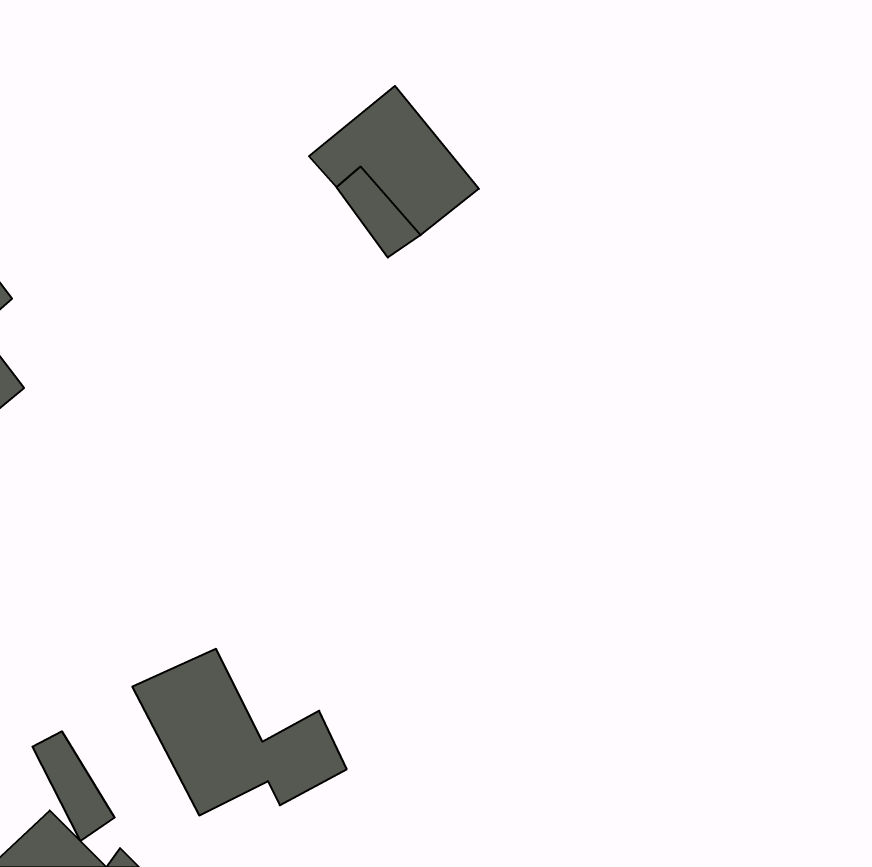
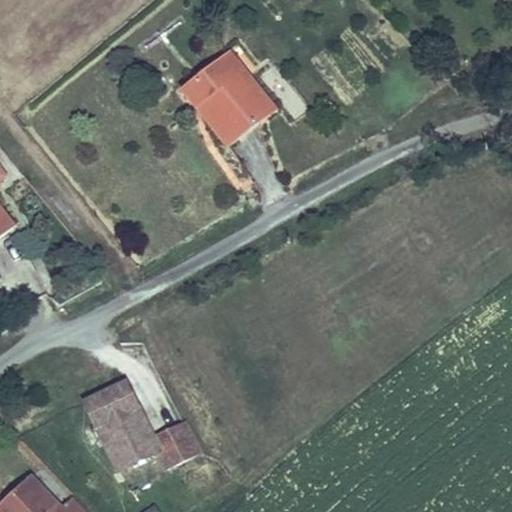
building: [32,731,115,841] -> none

